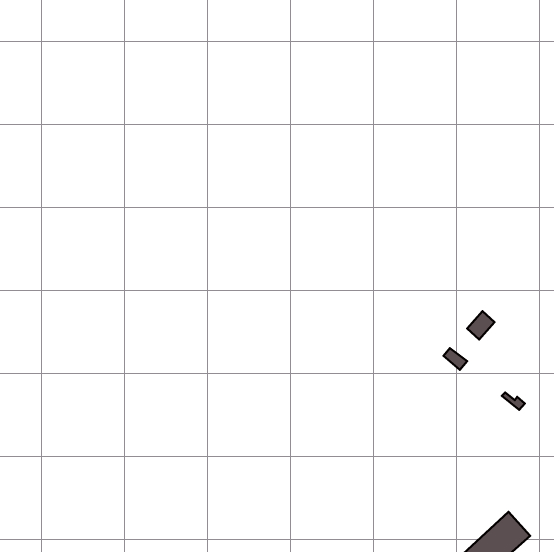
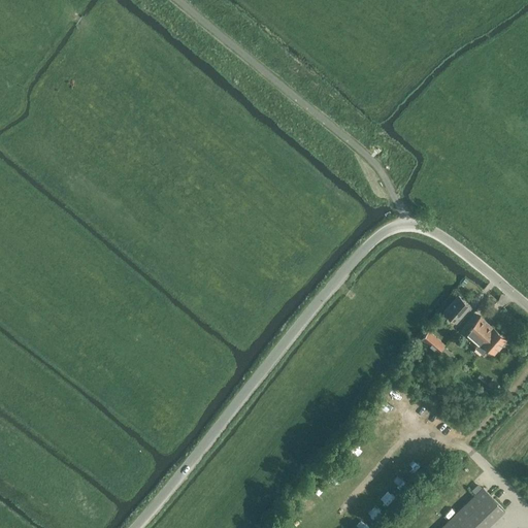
building: none -> [465,318,506,356]

